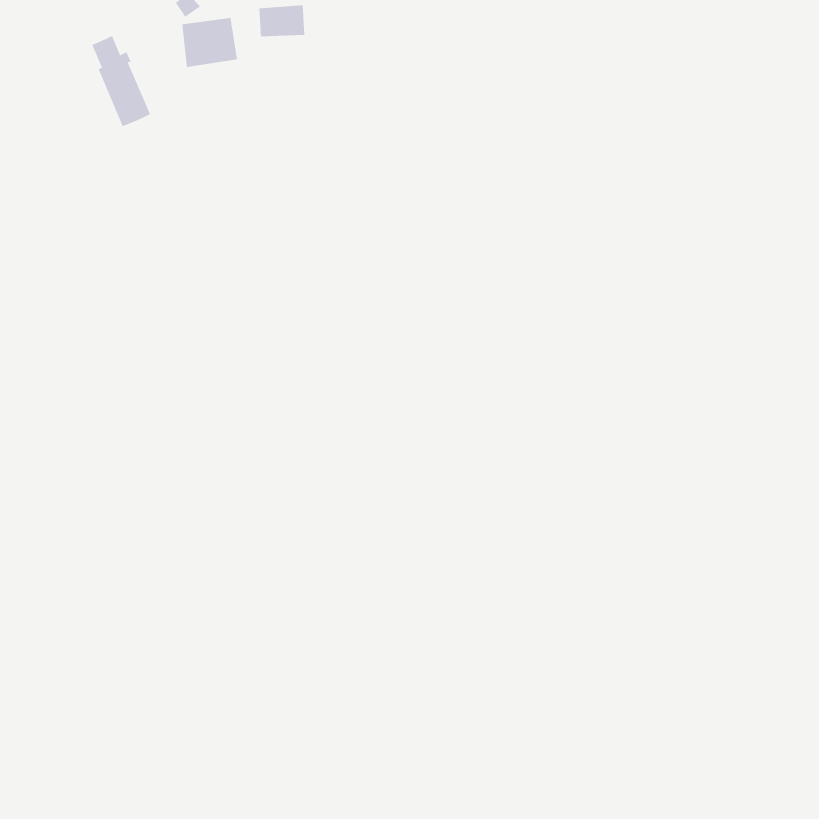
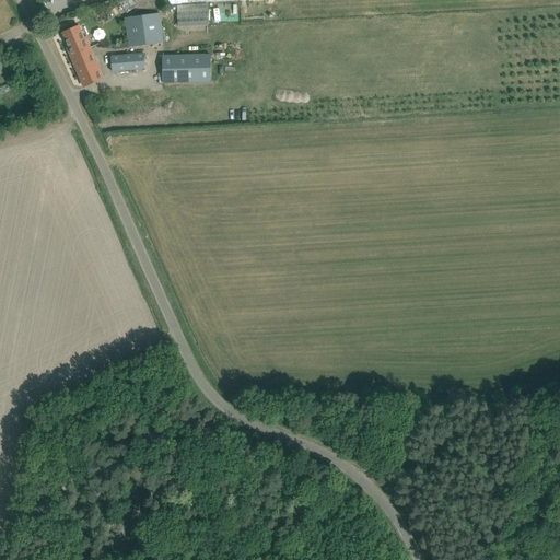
building: none -> [109,51,144,71]
building: none -> [162,56,211,82]

